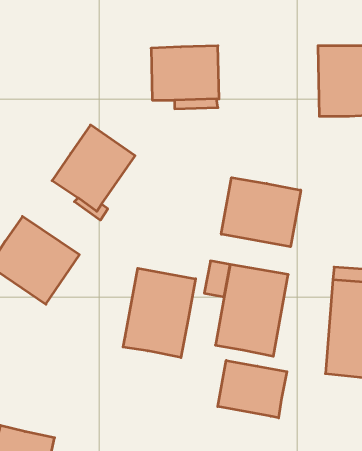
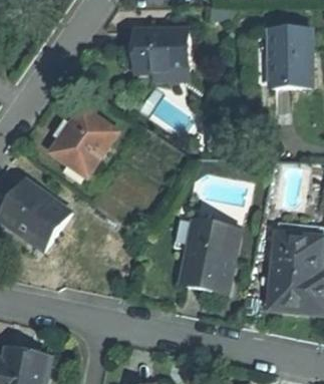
building: [221,178,301,247] -> none
building: [123,268,196,358] -> none
building: [218,360,287,418] -> none

